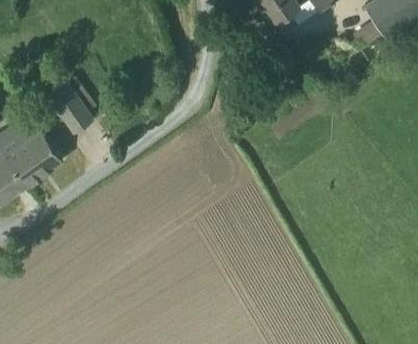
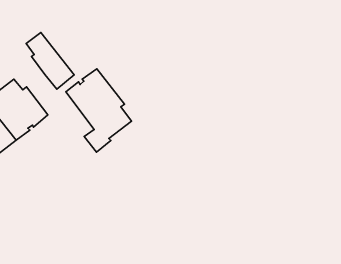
building: none -> [66,69,132,152]

